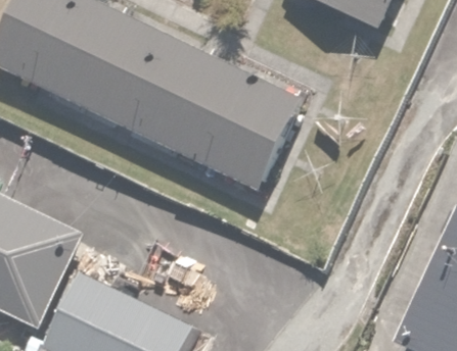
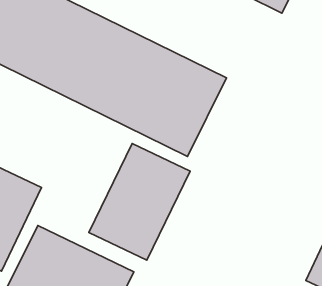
building: none -> [89,144,190,260]

